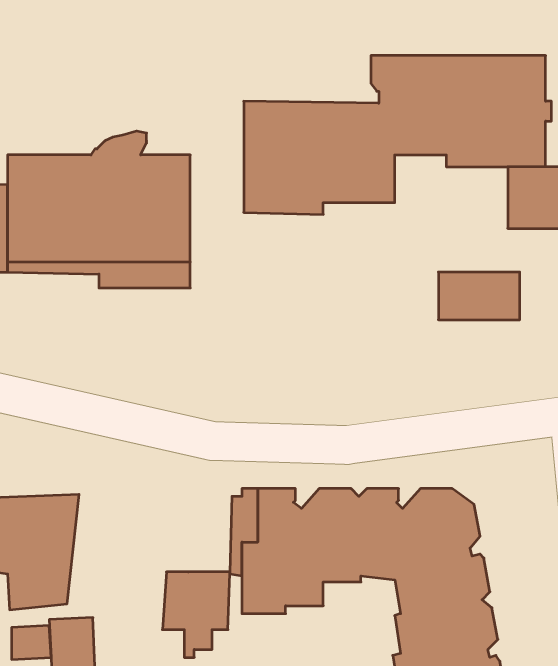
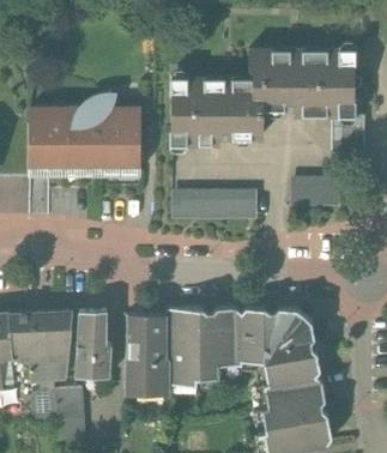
building: none -> [171,191,258,221]
building: none -> [75,312,110,379]
building: none -> [127,316,165,360]

